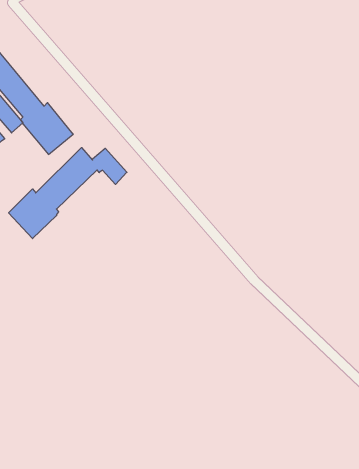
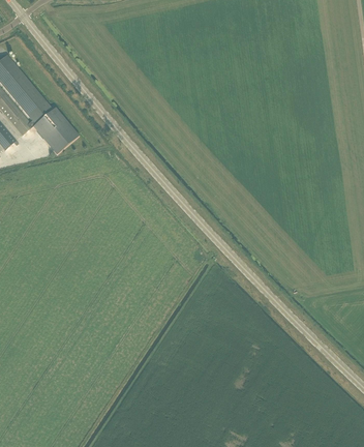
building: [9,148,127,239] -> none

